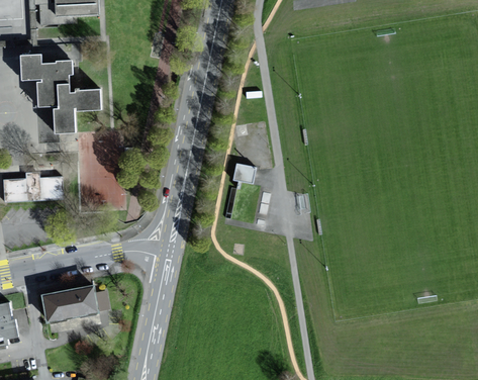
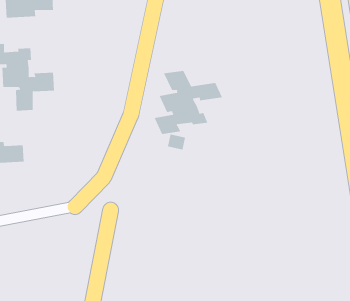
building: none -> [154,70,223,135]
building: [40,283,96,319] -> none

